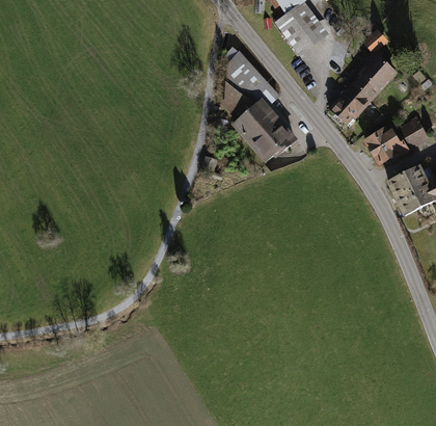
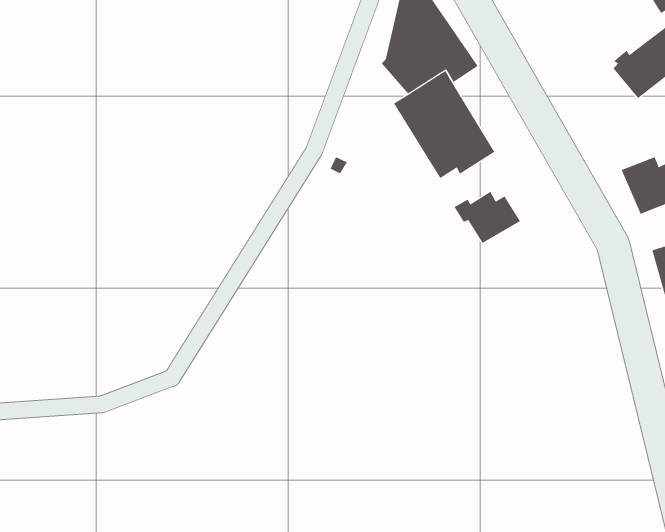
building: [331,84,370,124] -> none
building: none -> [454,191,521,244]

